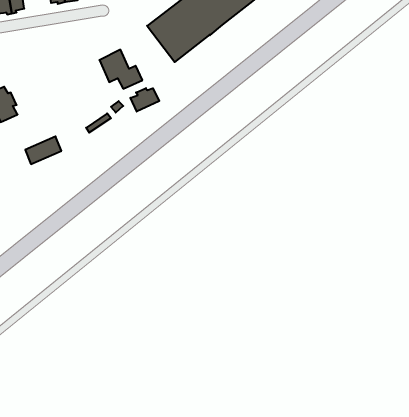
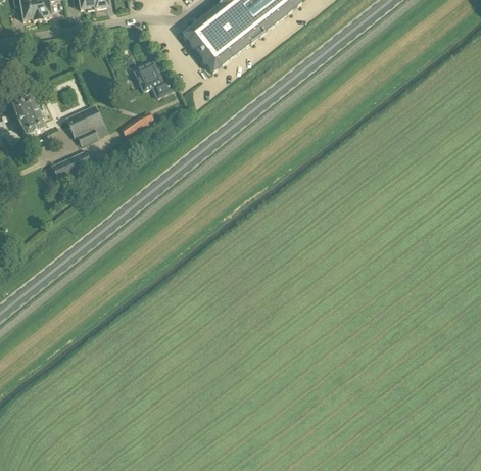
building: [130,88,159,112] -> none
building: none -> [65,104,102,143]

